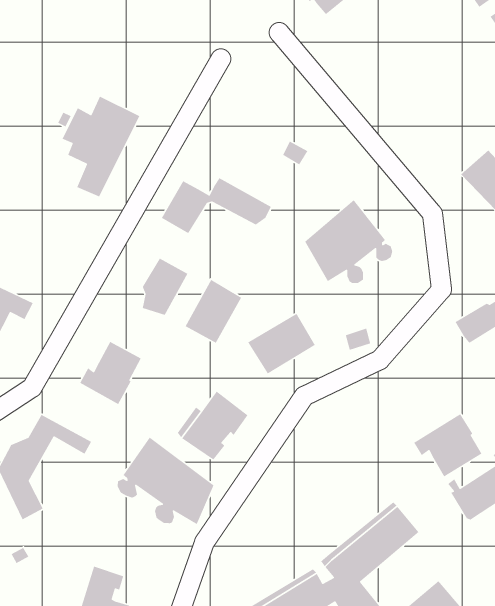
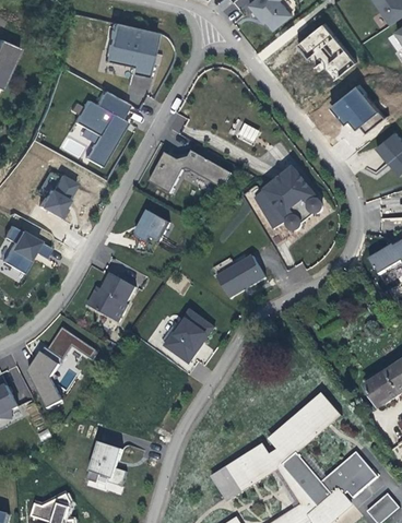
building: none -> [105,23,158,88]
building: none -> [295,23,354,80]
building: none -> [329,84,382,132]
building: none -> [34,169,80,217]
building: [185,279,242,344] -> none
building: [413,413,482,477] -> none
building: [117,436,214,525] -> none

